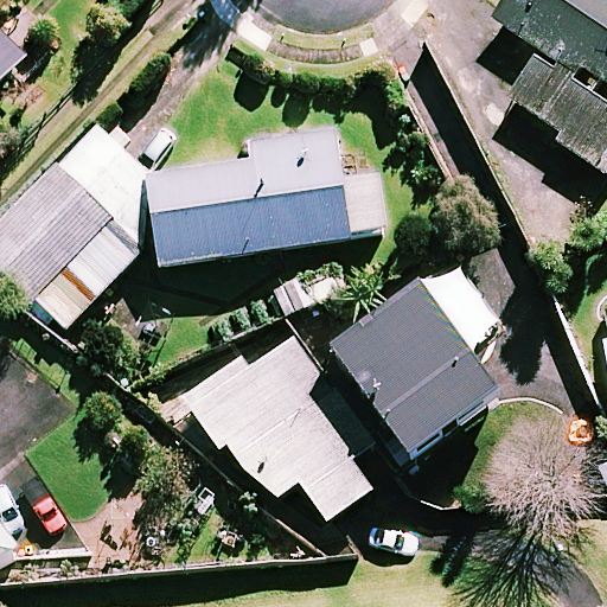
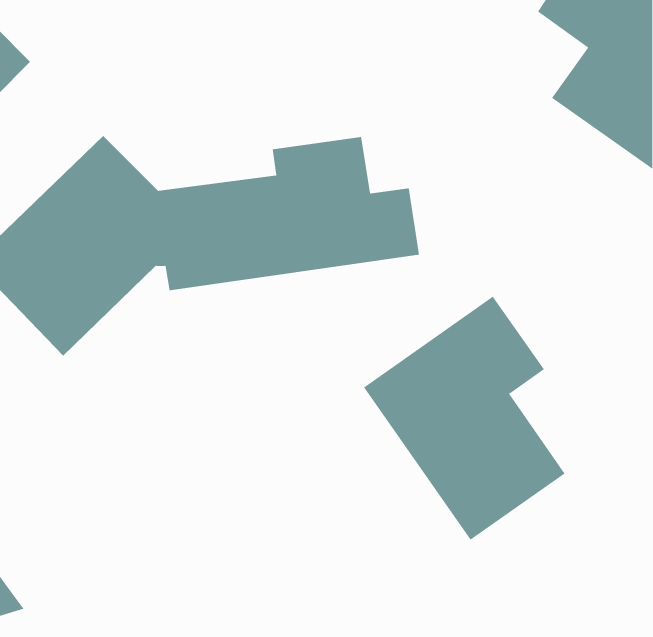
building: [186,326,373,523] -> none

